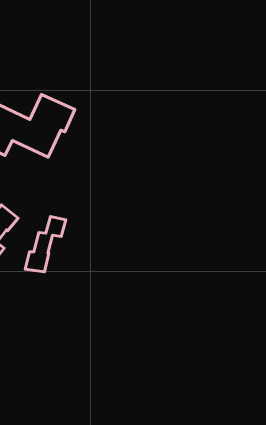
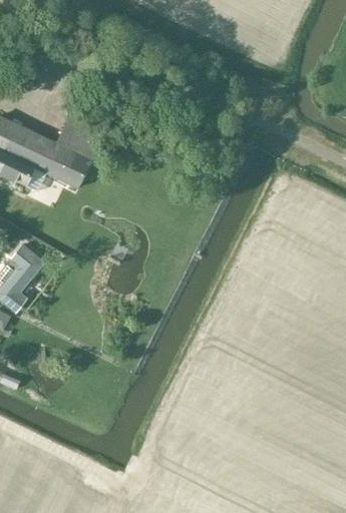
building: [25,217,66,272] -> none

